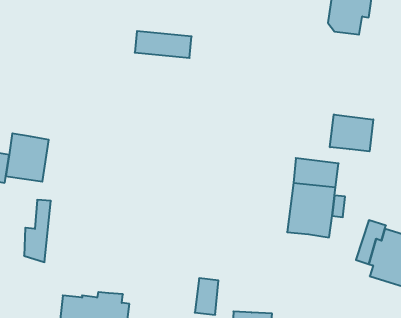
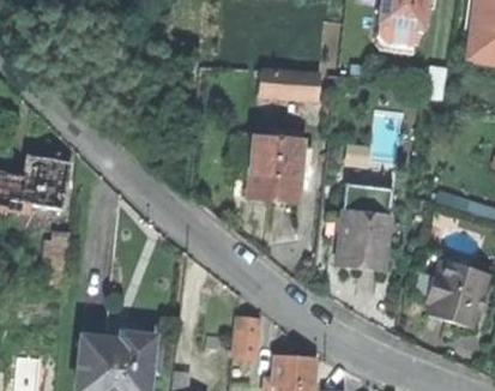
building: [135,31,192,58] -> [258,66,321,96]
building: [330,114,373,151] -> none
building: none -> [247,136,302,201]

